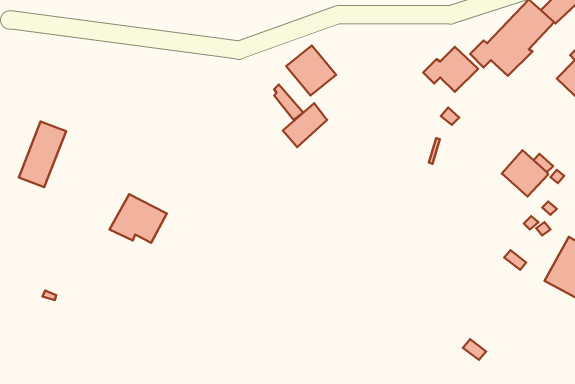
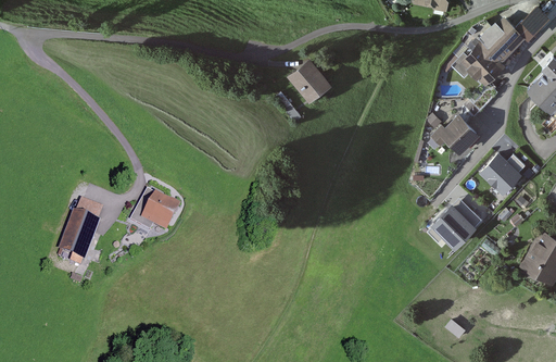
building: [423,47,478,92] -> [431,113,480,153]
building: [283,103,327,147] -> none
building: [19,121,66,187] -> [63,200,105,259]
building: none -> [431,196,483,248]

